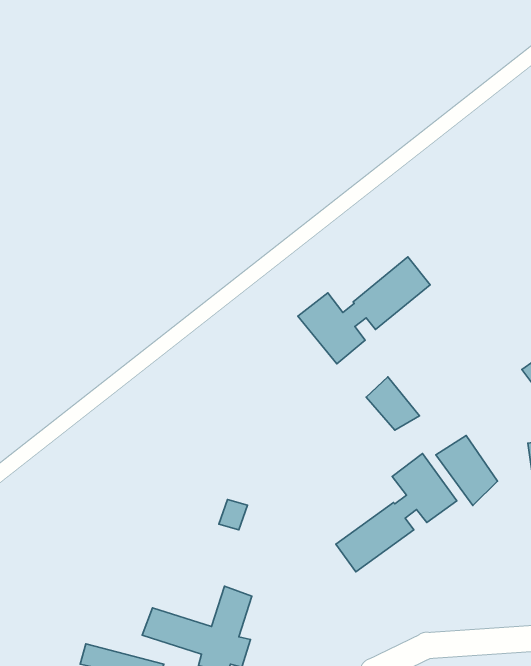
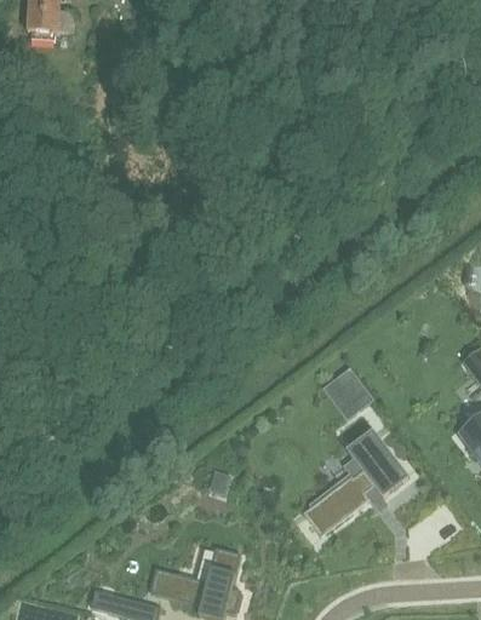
building: [298,257,430,364] -> none
building: [436,436,497,506] -> none

